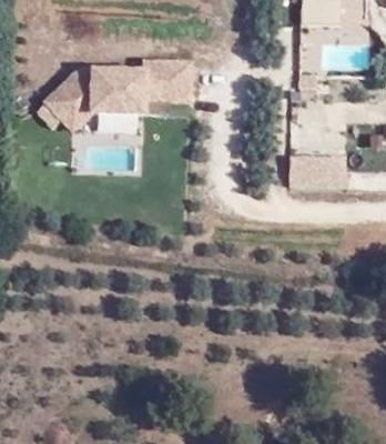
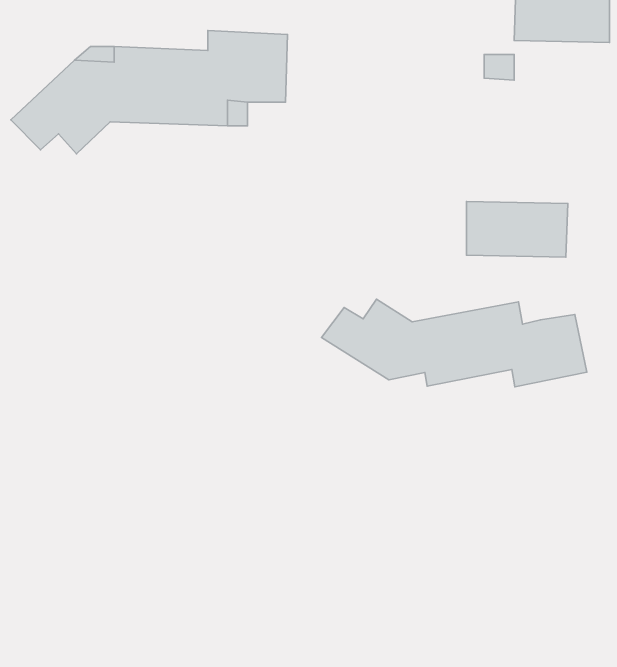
building: none -> [322,299,587,387]

